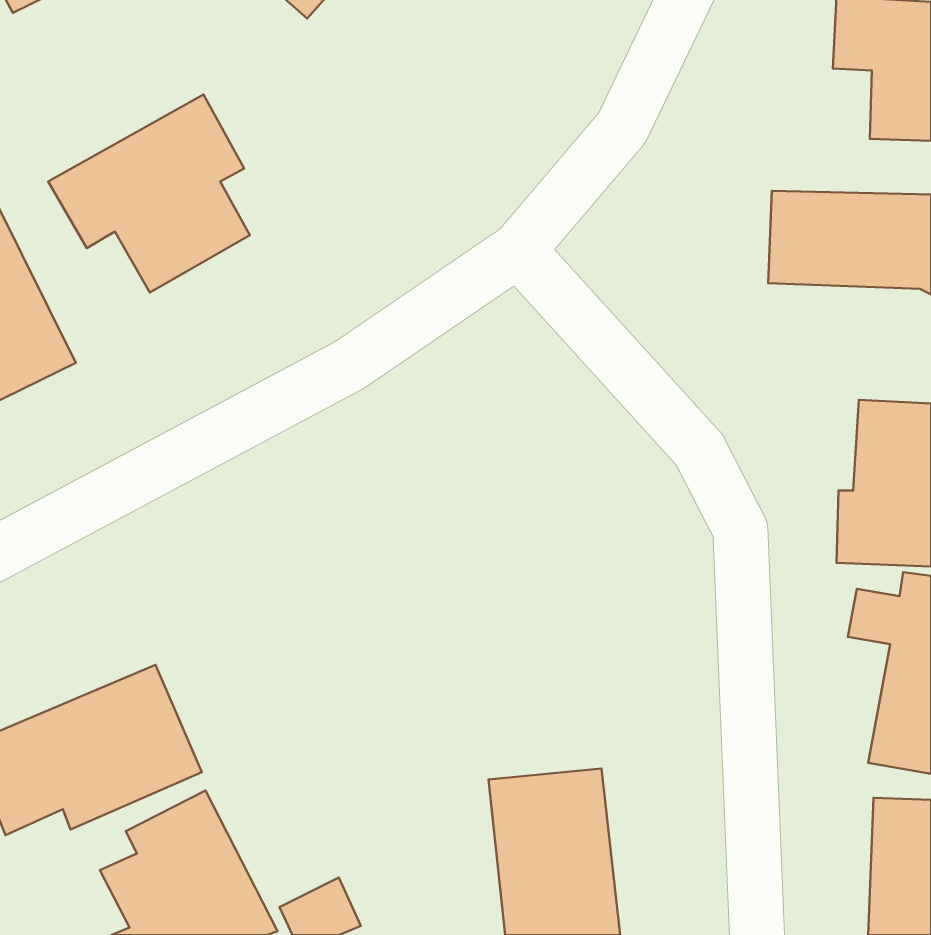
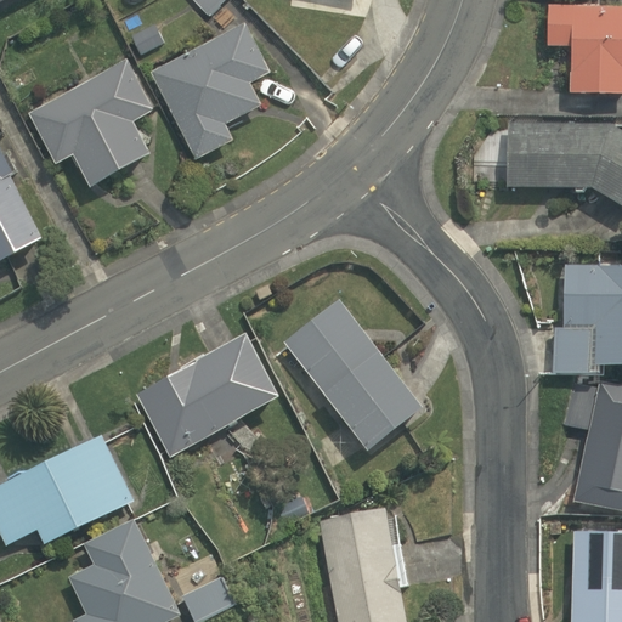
building: none -> [147,17,270,162]
building: none -> [281,293,434,457]
building: none -> [136,340,283,457]

